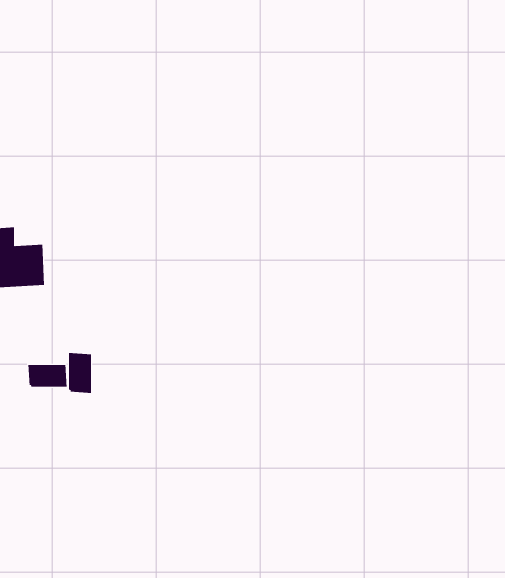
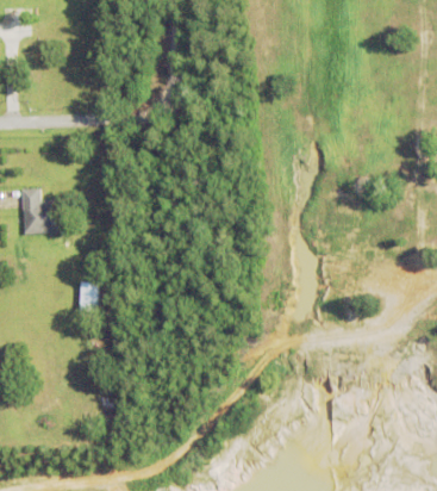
building: [28,364,67,387] -> none

